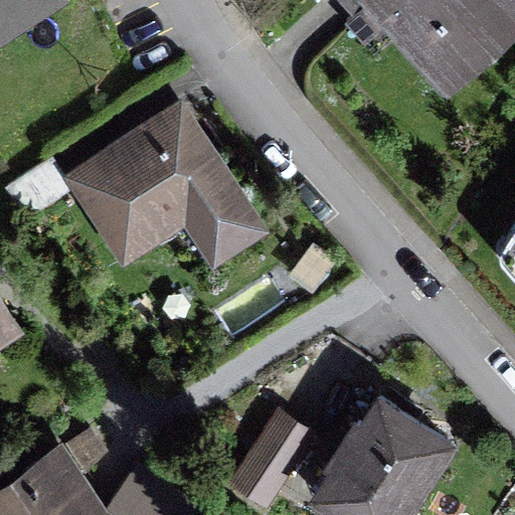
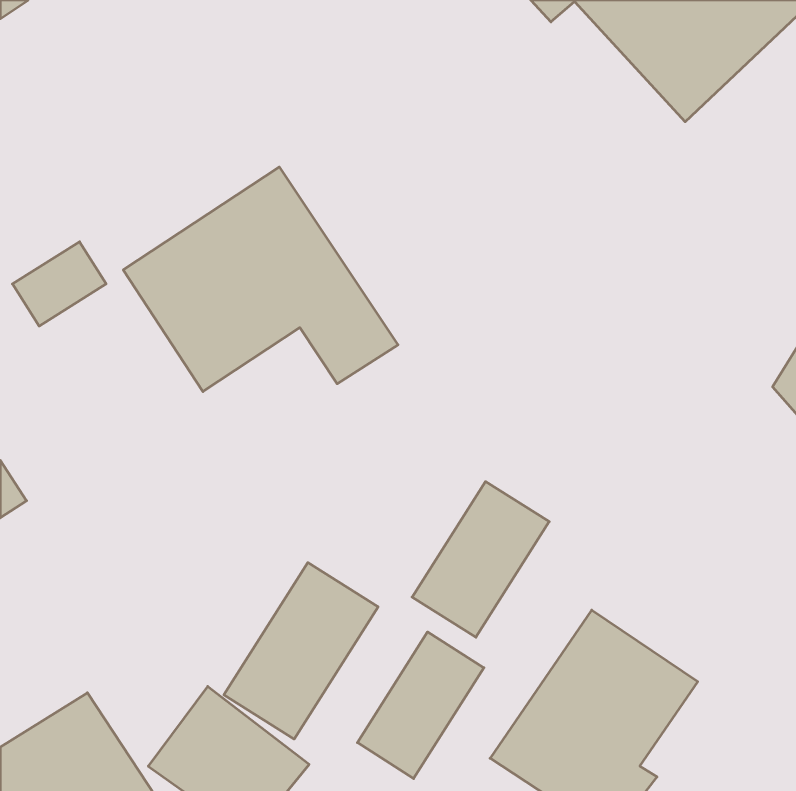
building: none -> [412,482,549,637]
building: none -> [224,563,378,739]

